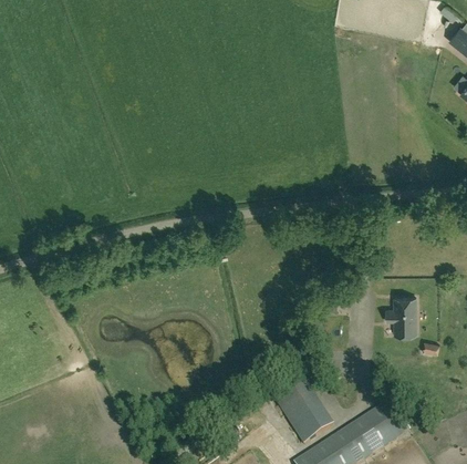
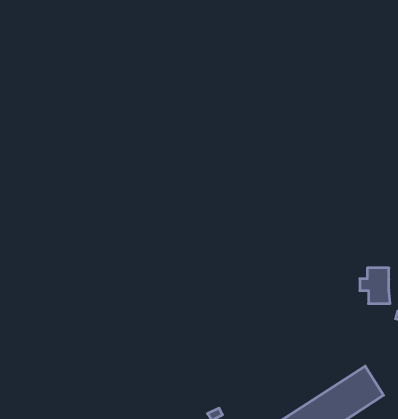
building: [273,375,333,442] -> none

